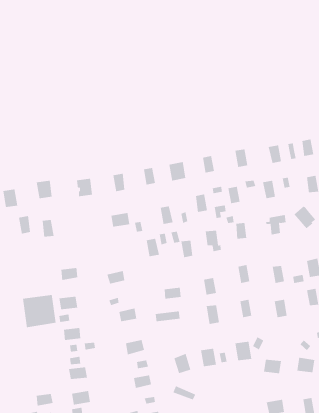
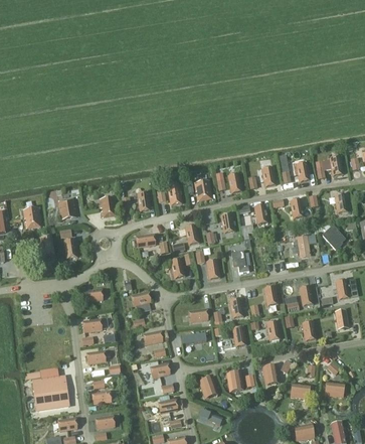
building: [22,294,57,328] -> [33,377,68,411]

